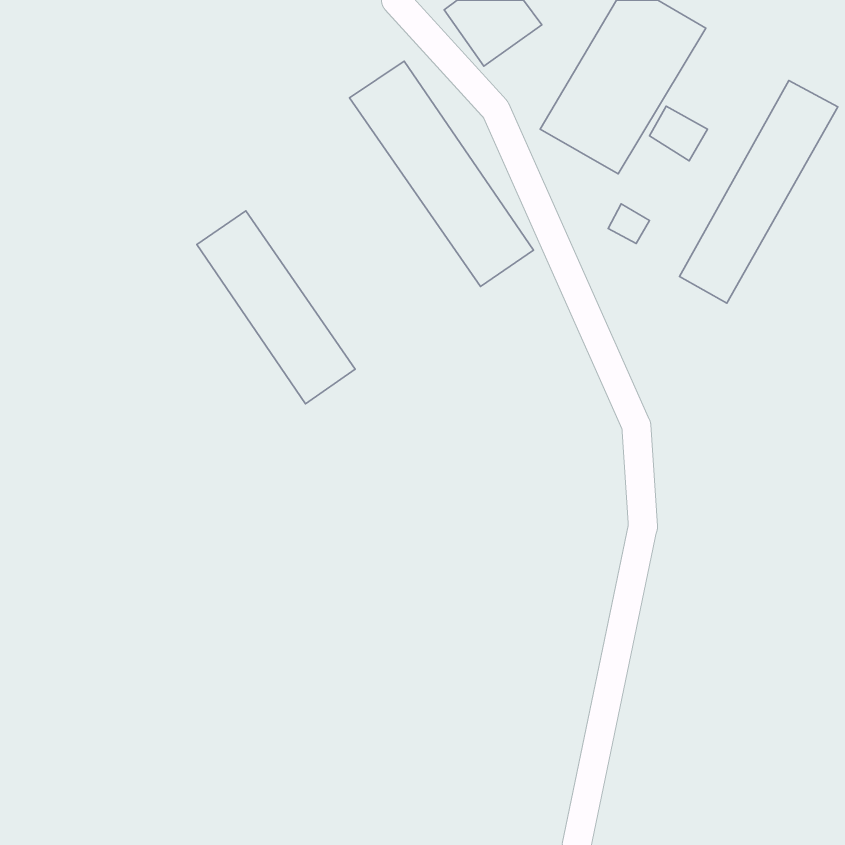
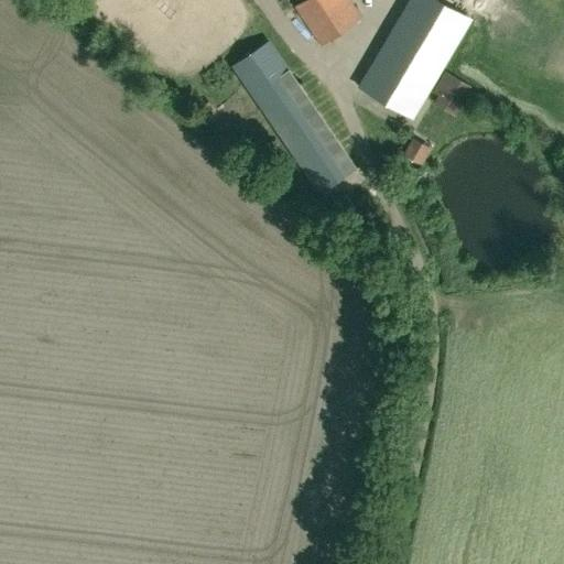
building: [680,80,838,303] -> none
building: [197,211,355,404] -> none

